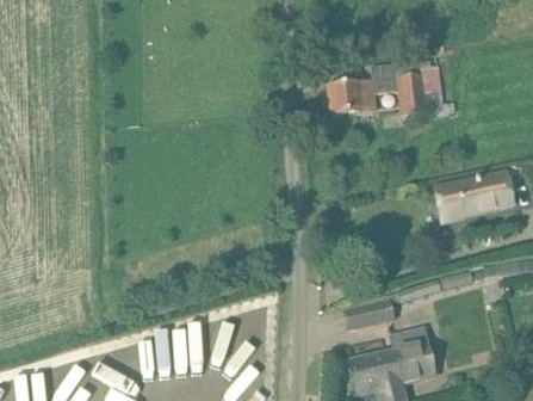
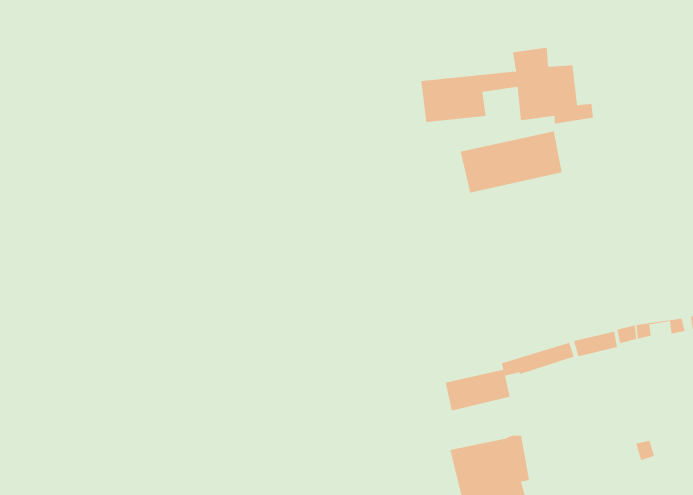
building: [435,171,512,217] -> [460,131,563,193]
building: [391,326,435,381] -> none

